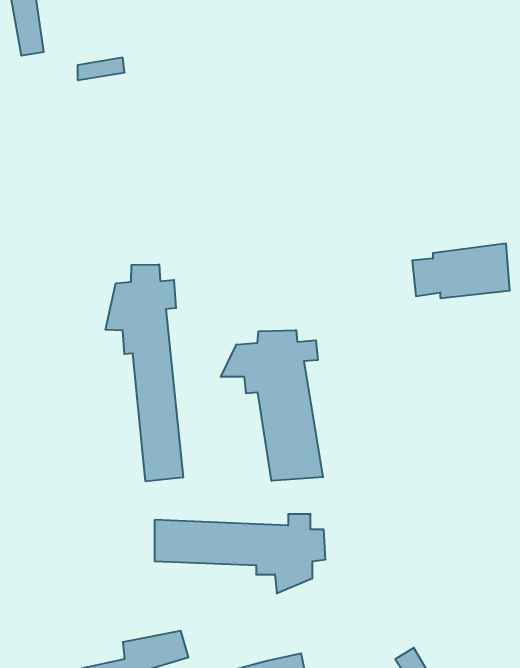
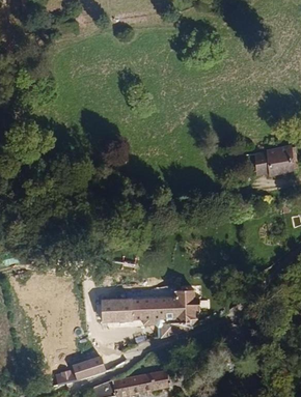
building: [106,264,183,481] -> none
building: [221,330,323,481] -> none

